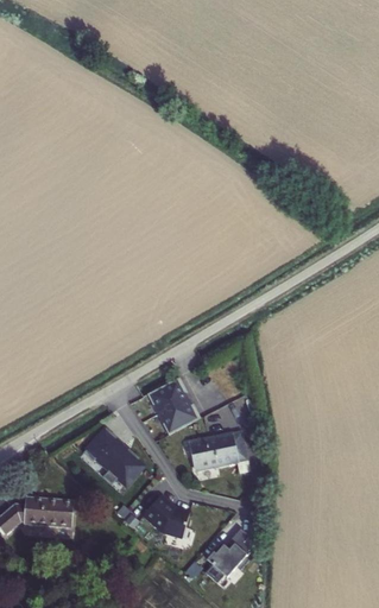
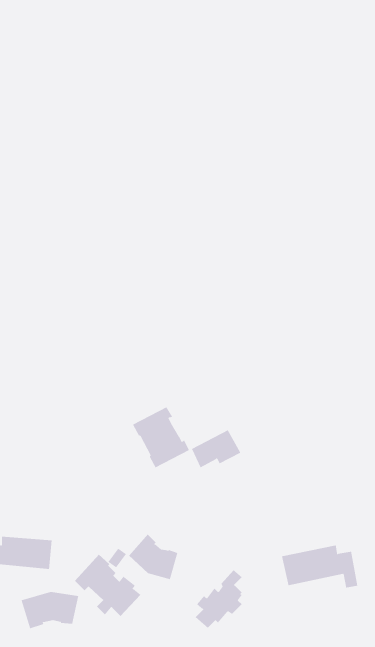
building: [82,429,144,487] -> [74,554,141,617]
building: [189,432,260,473] -> [281,545,358,588]
building: none -> [21,591,79,629]

